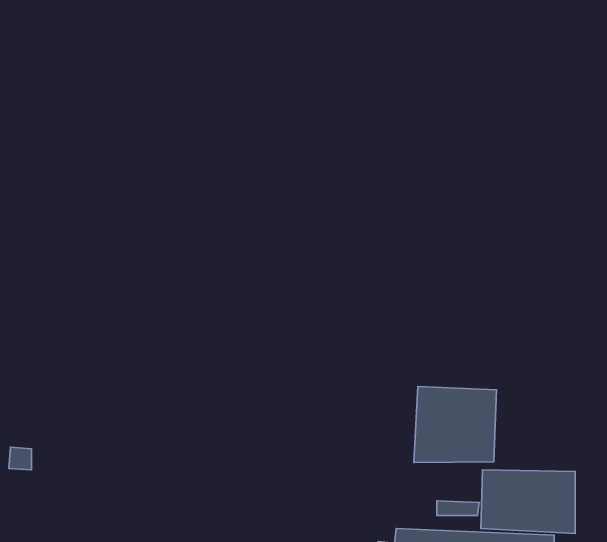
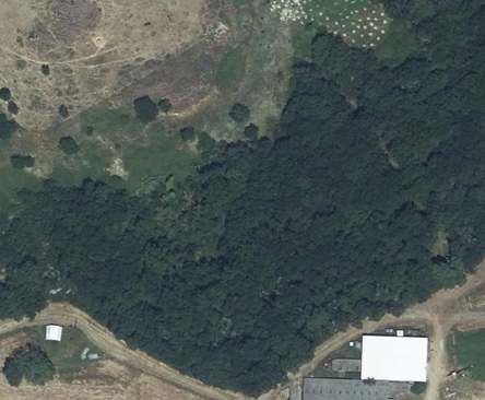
building: [414,386,496,463] -> none

